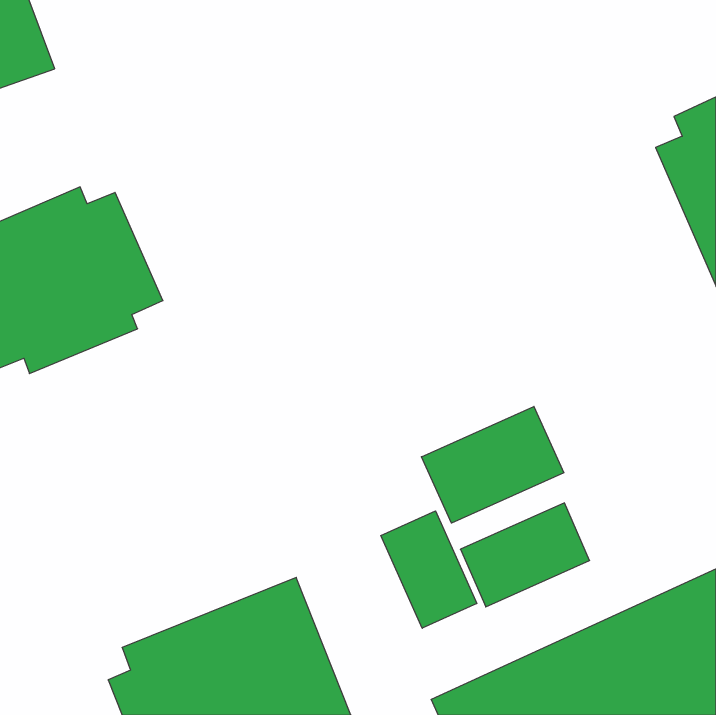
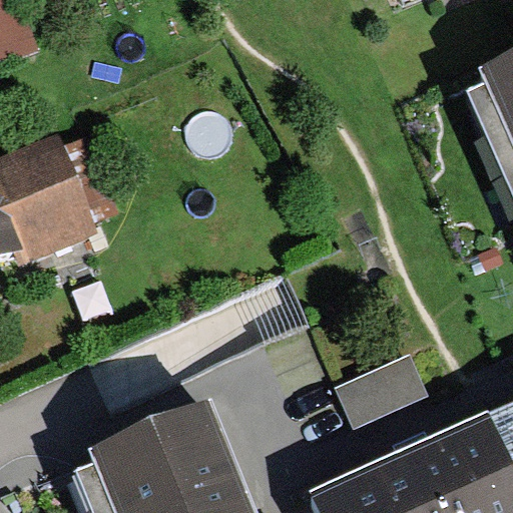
building: [421,406,564,523] -> none
building: [381,511,477,628] -> none

